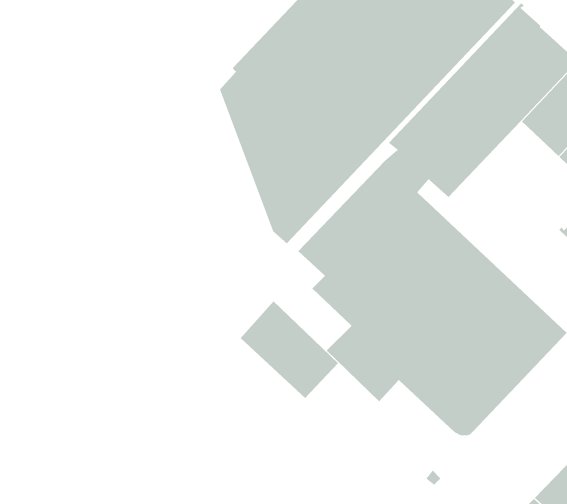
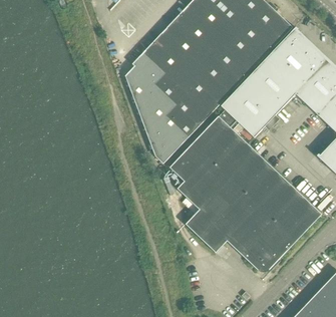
building: [240,301,339,399] -> none

